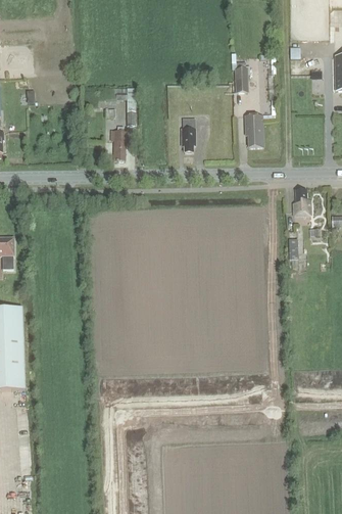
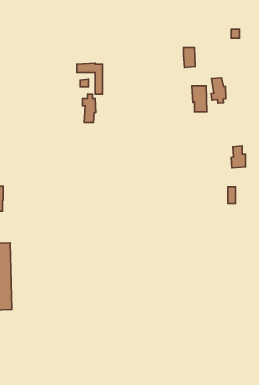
building: none -> [211,78,226,103]
building: [182,118,196,151] -> none

